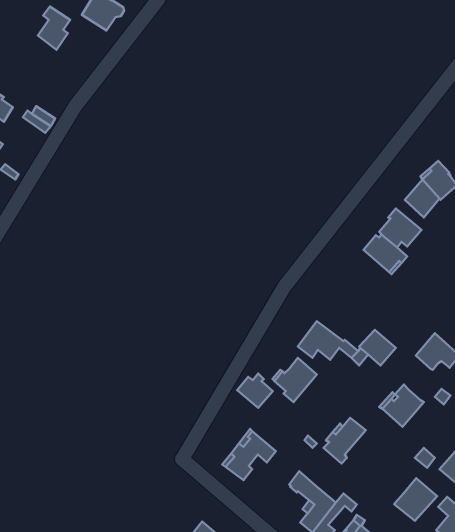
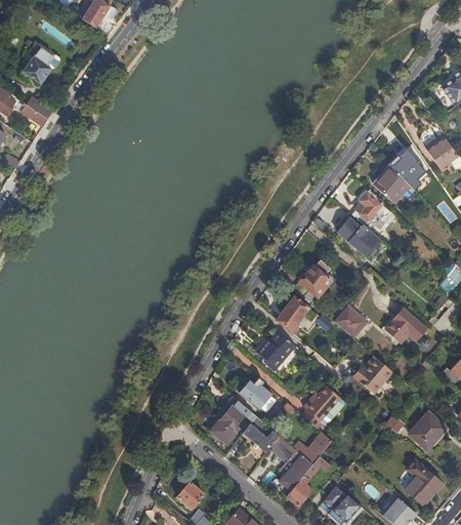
building: [38,6,70,50] -> [25,43,54,83]
building: none -> [295,260,332,299]
building: [237,373,273,408] -> [240,378,273,410]
building: none -> [244,417,279,452]
building: none -> [294,433,332,465]
building: [394,478,437,521] -> none

